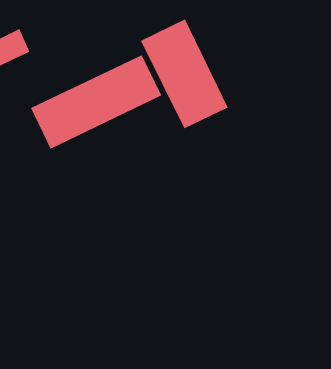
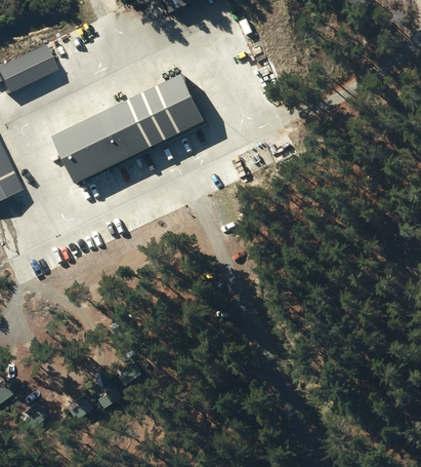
building: [140,18,228,129] -> none

